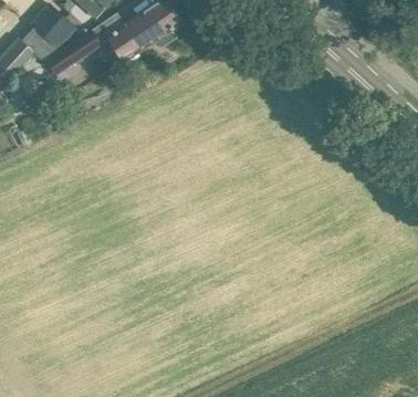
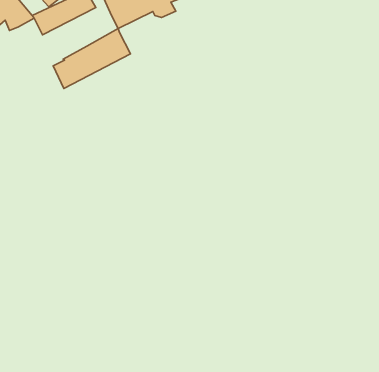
building: none -> [53,28,131,88]

